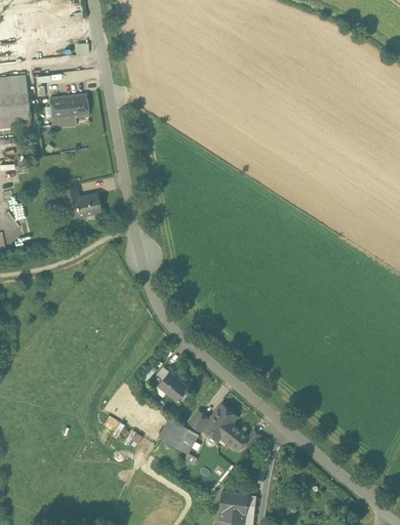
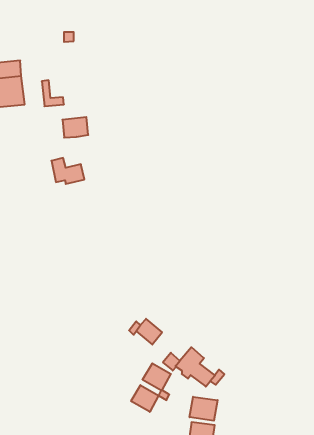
building: [58,94,88,118] -> [62,117,88,138]
building: none -> [131,385,159,412]
building: none -> [190,397,218,421]

